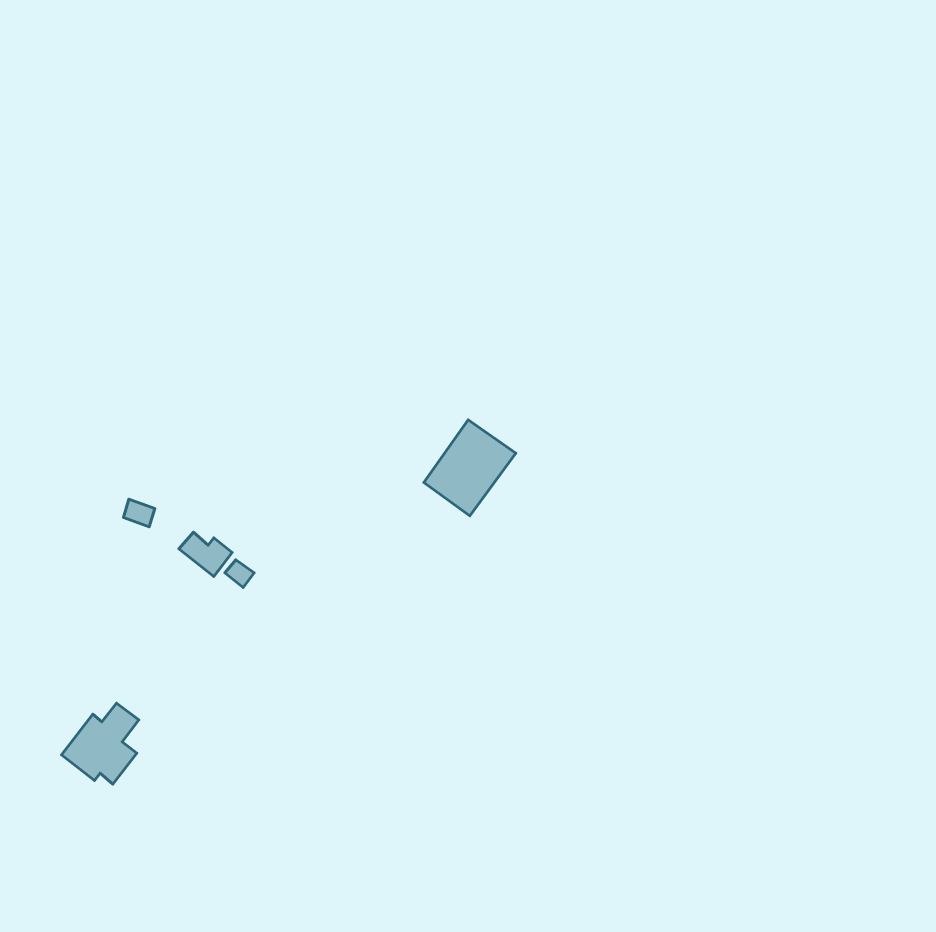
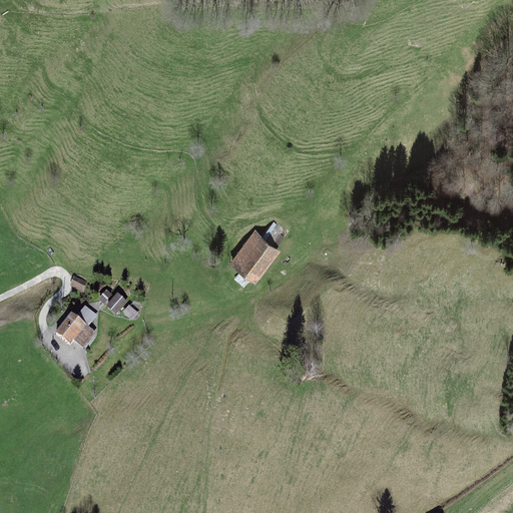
building: [61,703,139,784] -> [54,306,96,350]

